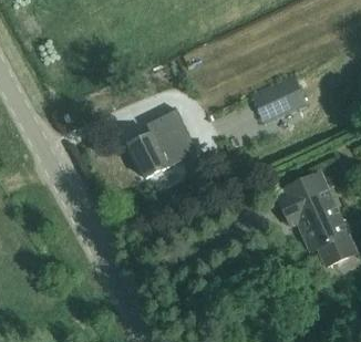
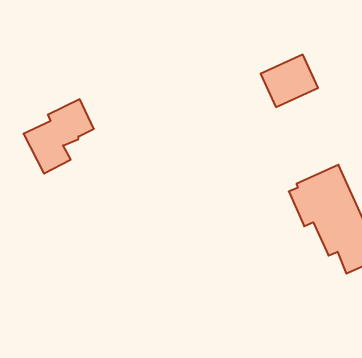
building: [128,114,189,178] -> [23,99,94,174]

